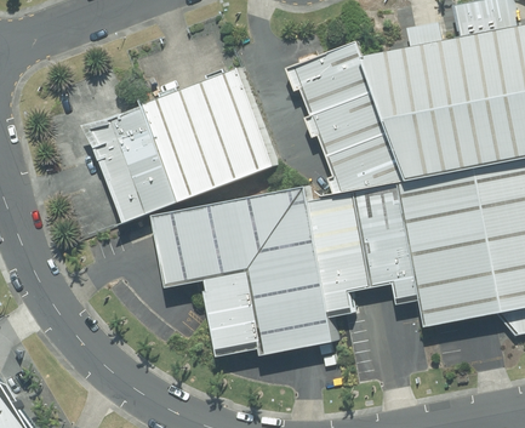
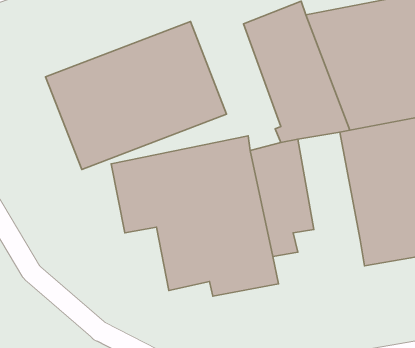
building: [352,182,418,302] -> none

